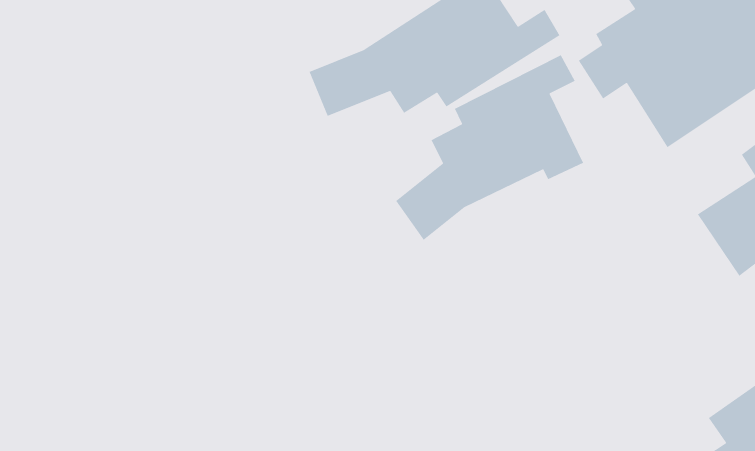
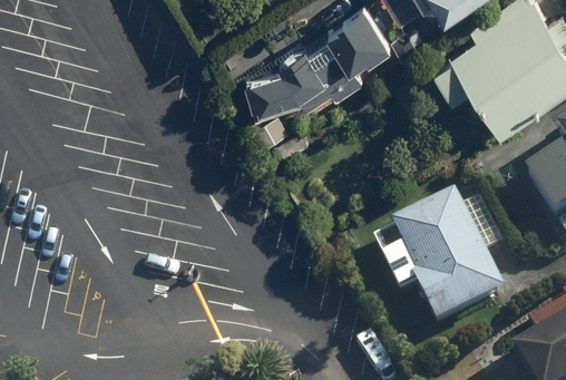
building: [395,54,584,241] -> none
building: none -> [370,204,501,339]

